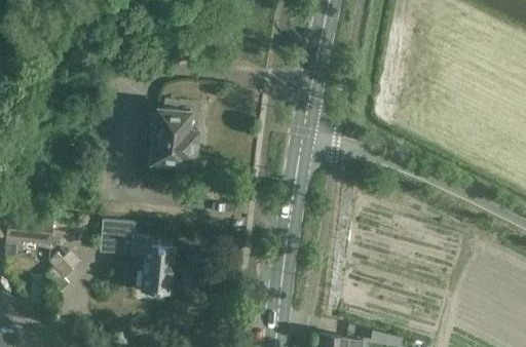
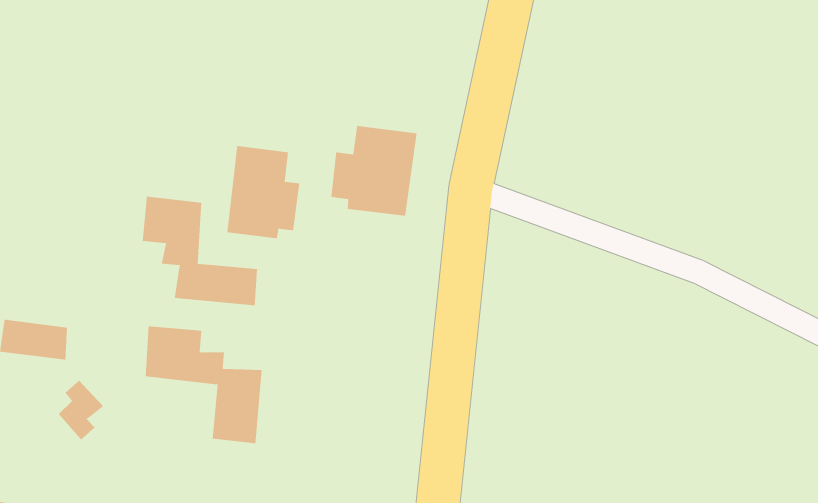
building: none -> [331,125,417,216]
building: none -> [142,196,258,306]

